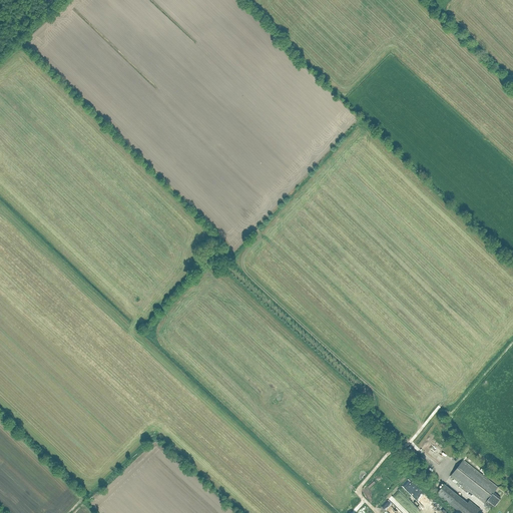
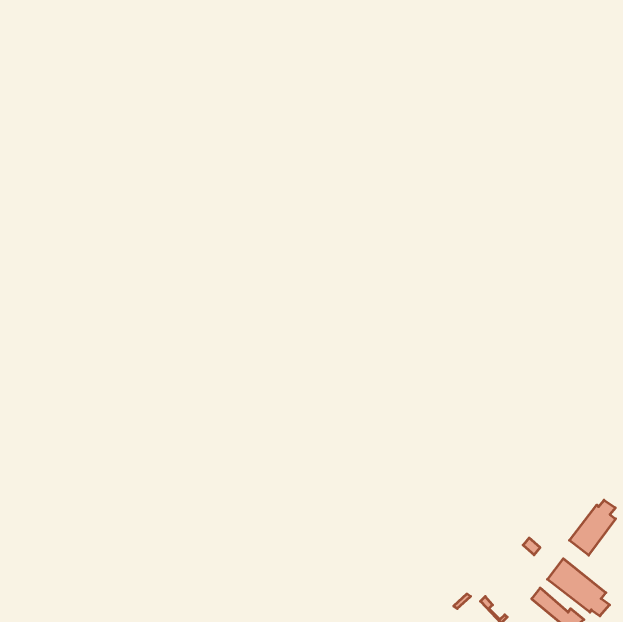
building: none -> [569,500,616,555]

